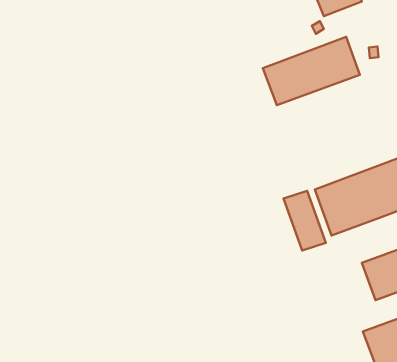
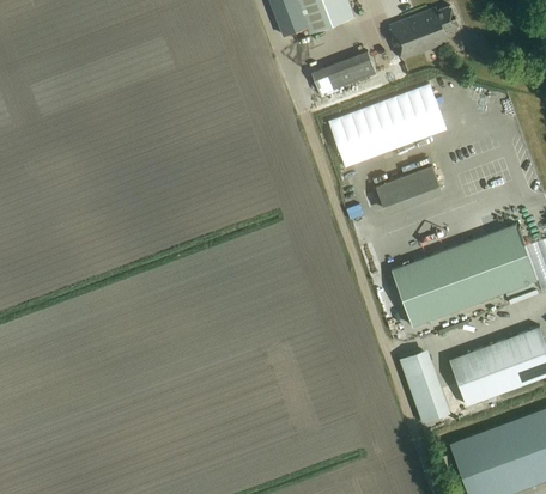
building: none -> [309,51,376,96]
building: none -> [372,163,441,212]
building: [284,191,326,251] -> [398,349,449,422]

